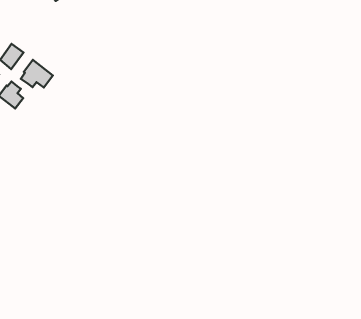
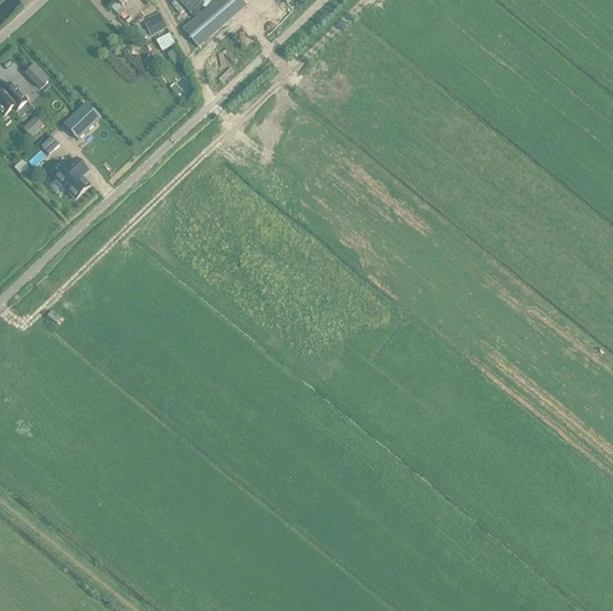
building: [21,60,53,87] -> none

